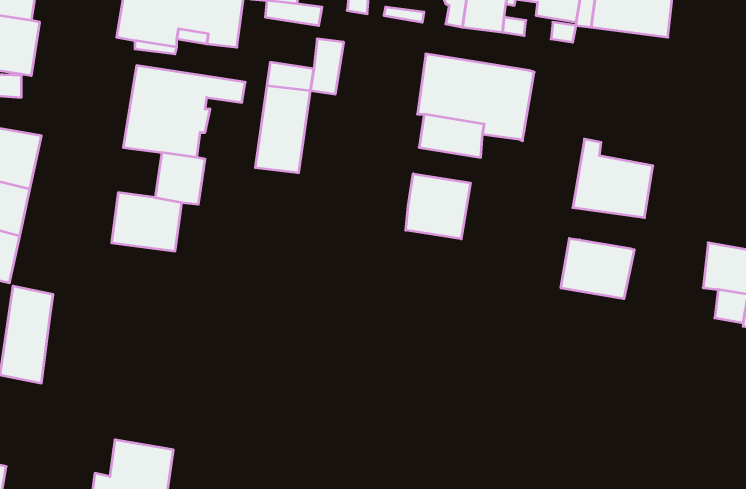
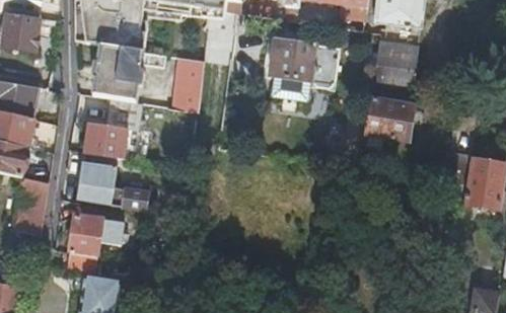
building: none -> [370,40,417,93]
building: [406,174,470,239] -> none
building: [561,238,634,299] -> none
building: none -> [76,159,148,208]
building: none -> [69,212,103,253]

